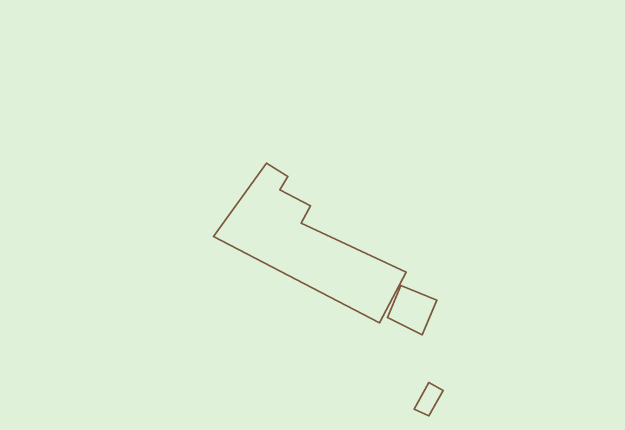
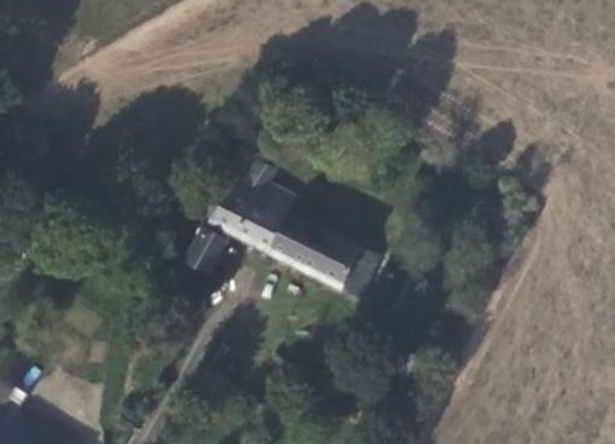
building: none -> [173,223,221,275]

